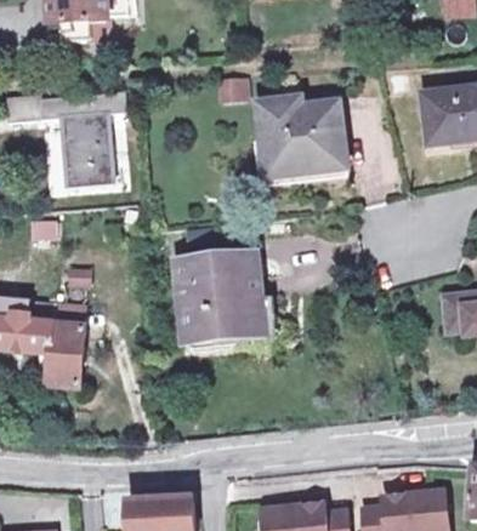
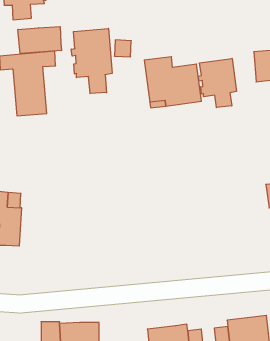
building: none -> [18,27,61,53]
building: none -> [71,28,112,94]
building: none -> [198,58,236,108]
building: [182,255,263,339] -> none

